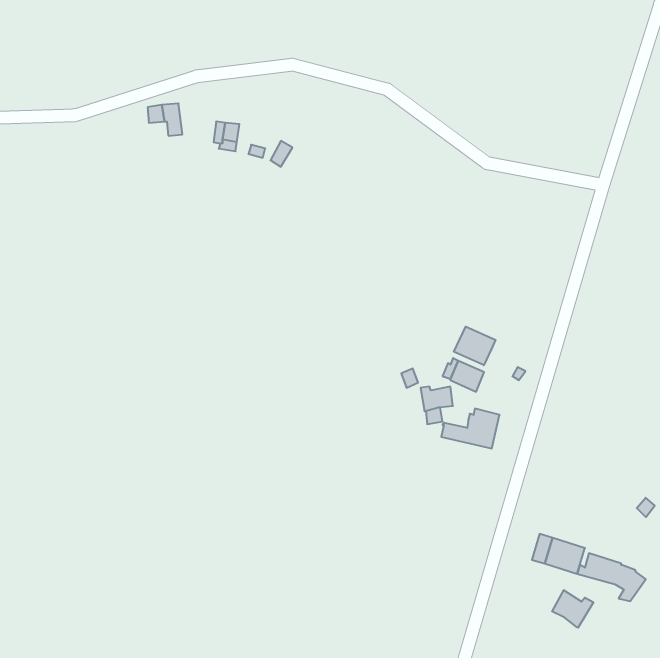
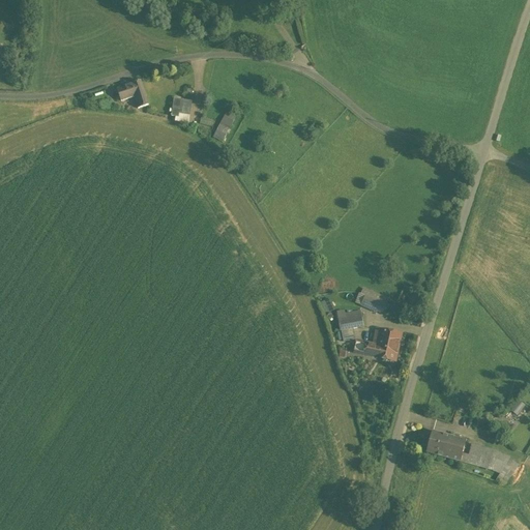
building: [454,327,496,365] -> none
building: [552,590,593,628] -> none

